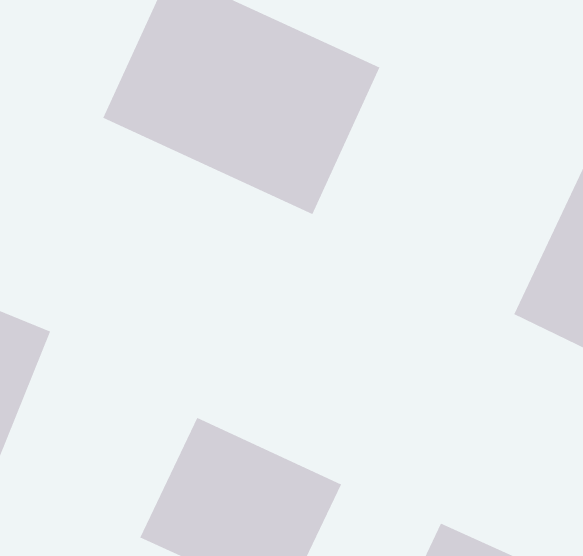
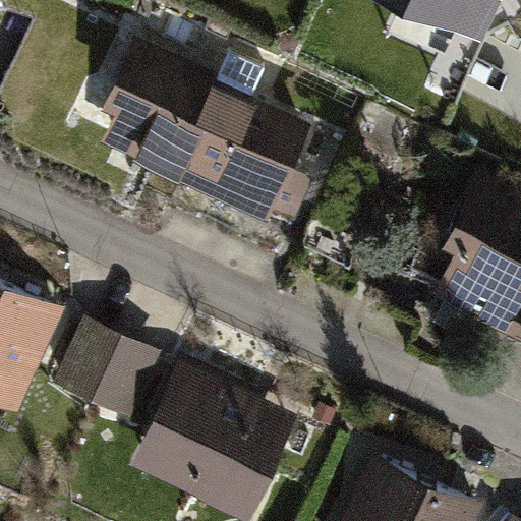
building: none -> [54,319,160,415]

